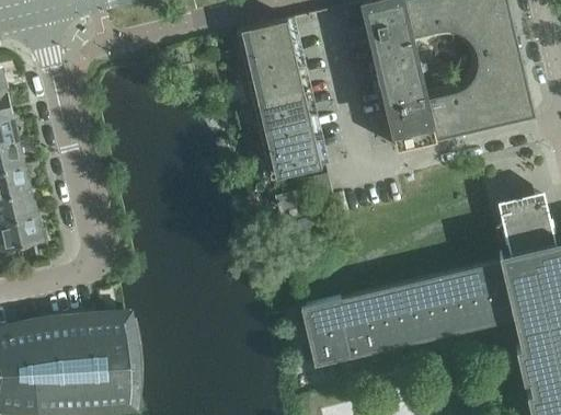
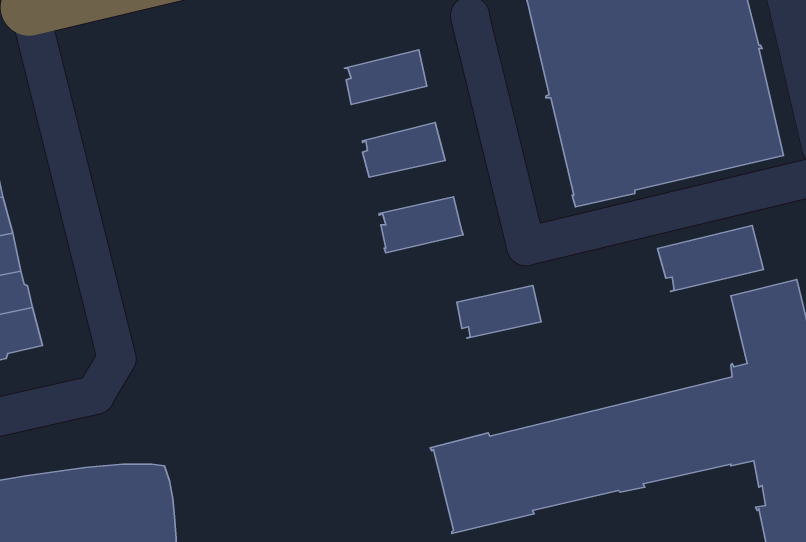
building: [236,22,293,59] -> none
building: [248,71,304,107] -> none
building: [260,120,316,155] -> [457,286,541,338]
building: none -> [657,226,764,292]

